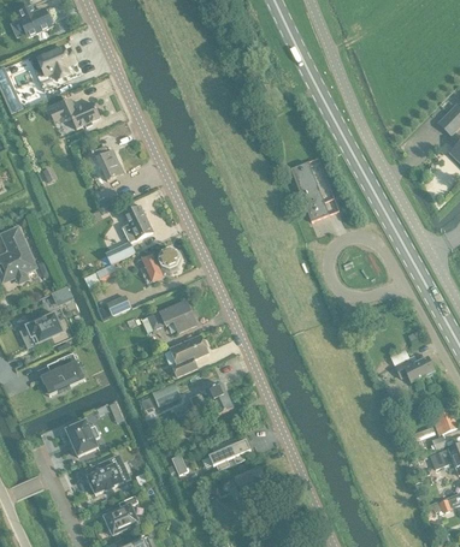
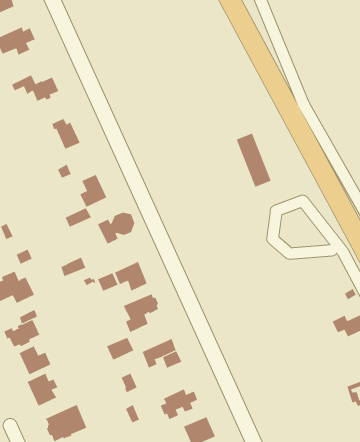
building: none -> [19,346,51,375]

